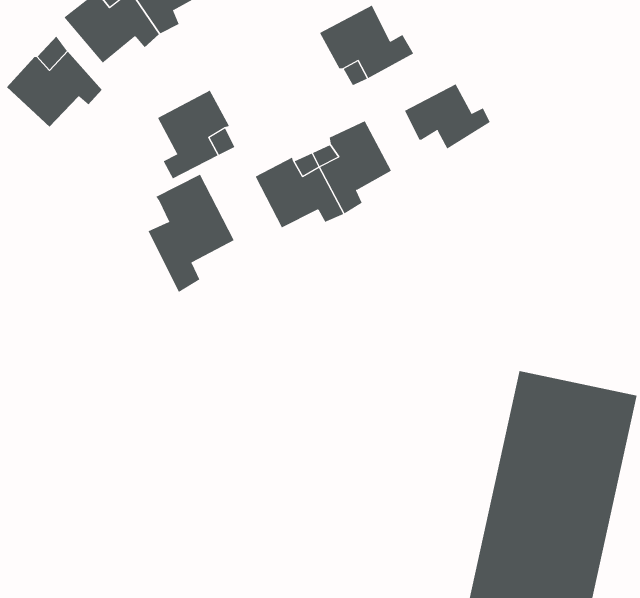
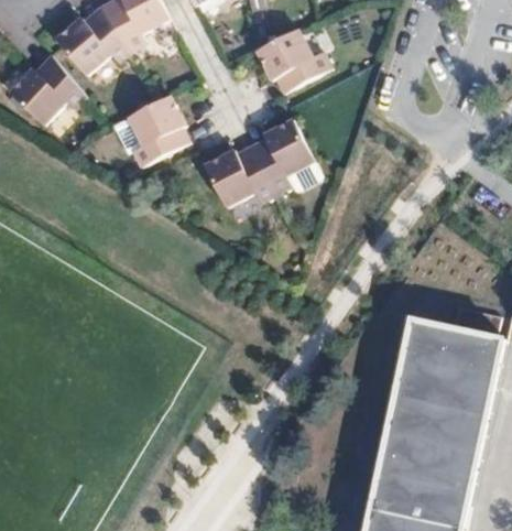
building: [404,83,491,150] -> none
building: [148,174,234,293] -> none

